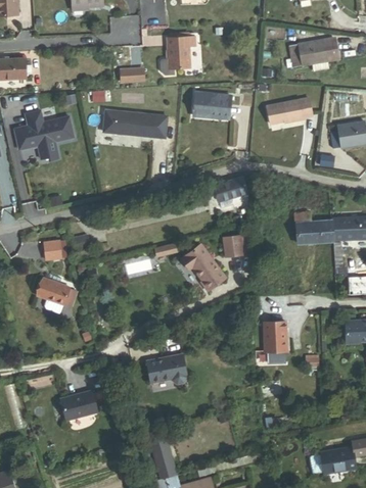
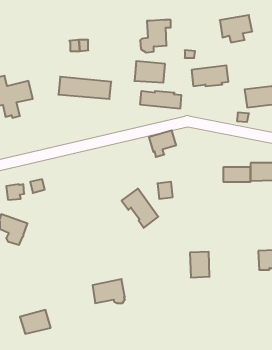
building: [157,36,194,75] -> [140,20,171,52]
building: none -> [140,91,181,109]

